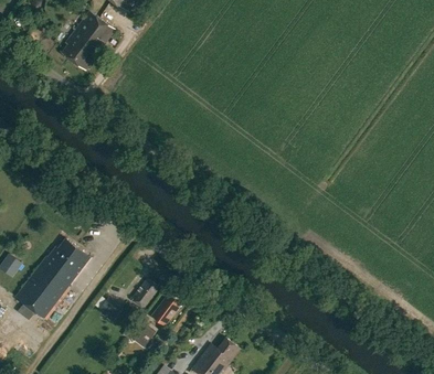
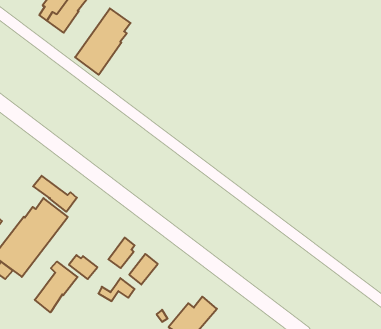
building: none -> [75,8,131,75]
building: none -> [33,176,77,212]
building: none -> [35,262,78,312]

